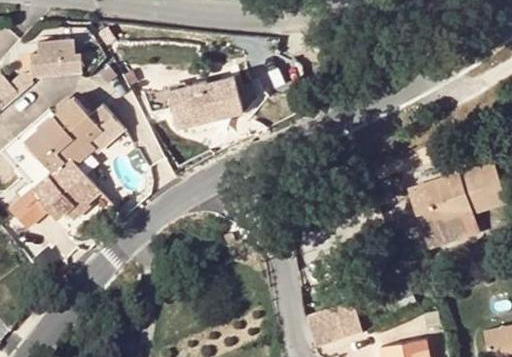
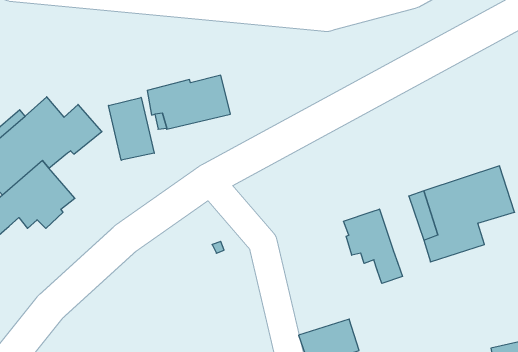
building: [36,34,84,73] -> none
building: none -> [109,97,154,160]
building: none -> [343,209,402,283]

